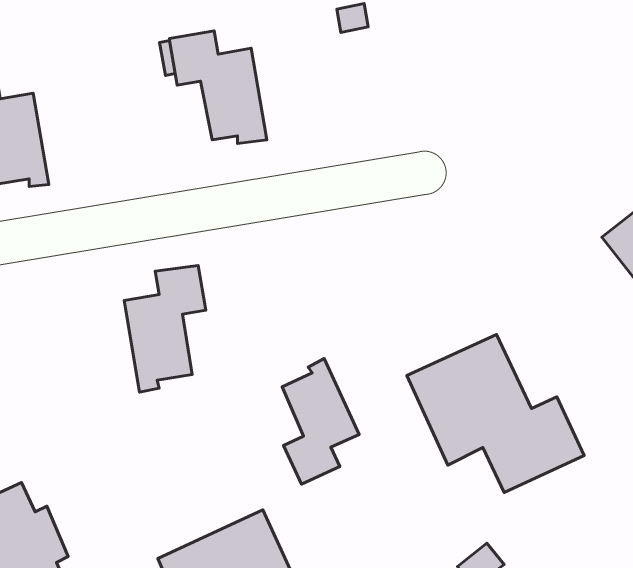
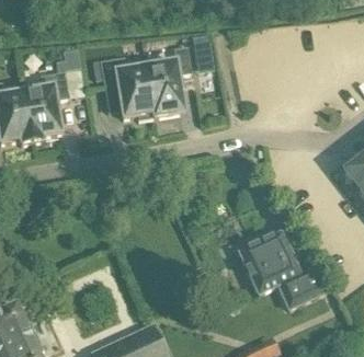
building: none -> [146,42,192,113]
building: [124,265,206,392] -> [23,67,69,138]
building: [282,358,359,484] -> none

